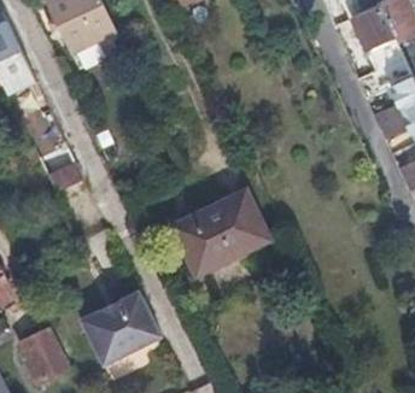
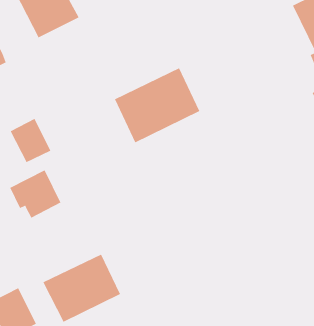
building: [171,192,267,275] -> [114,68,200,143]
building: none -> [9,170,61,218]

